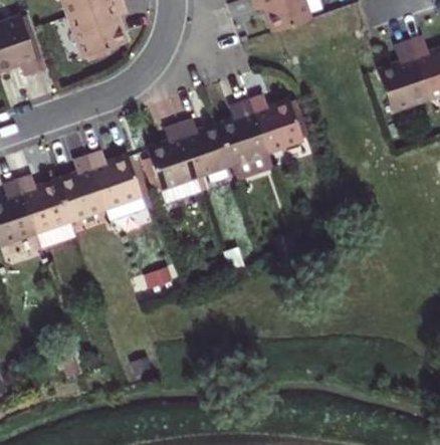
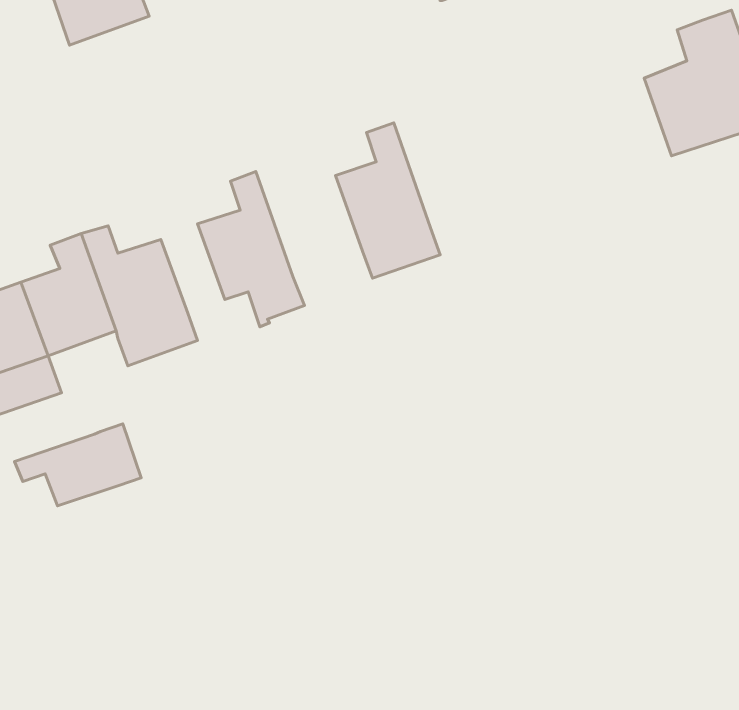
building: [249,92,303,151] -> none
building: [178,117,233,176] -> none
building: none -> [14,424,141,506]

